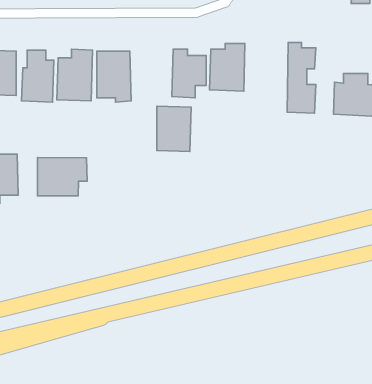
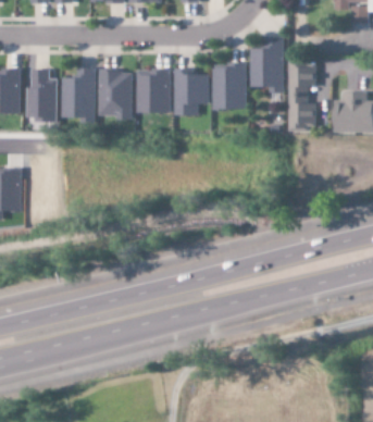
building: none -> [249,36,284,92]
building: [157,106,191,152] -> [137,69,171,113]
building: [37,157,87,196] -> none

